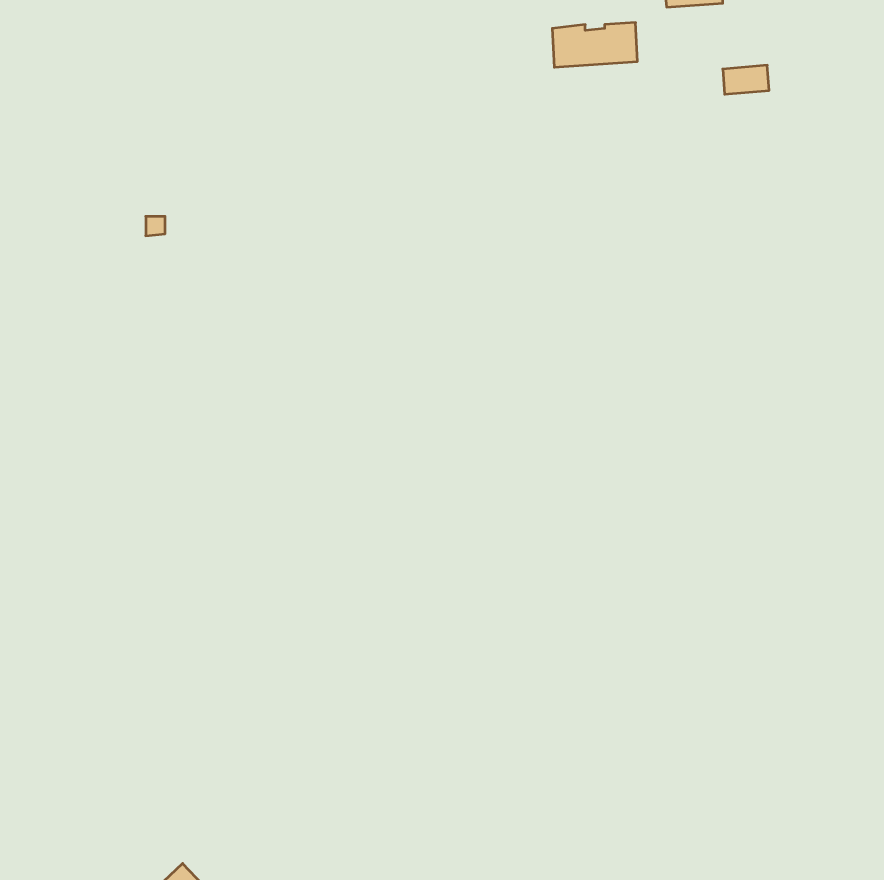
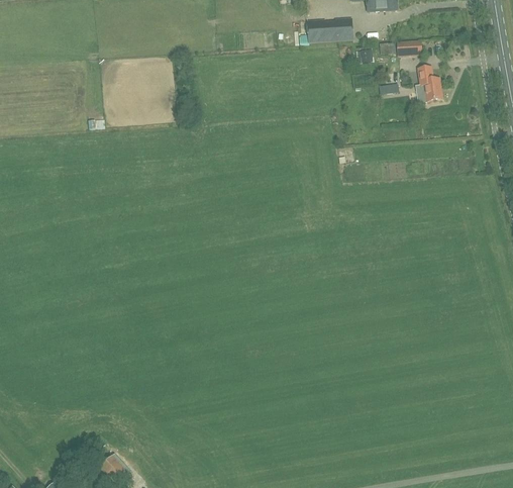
building: none -> [415,67,443,105]

